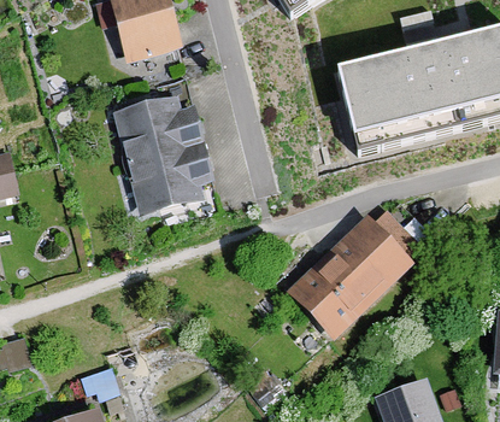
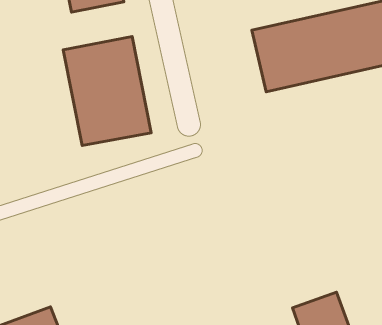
building: [284,213,411,339] -> none

